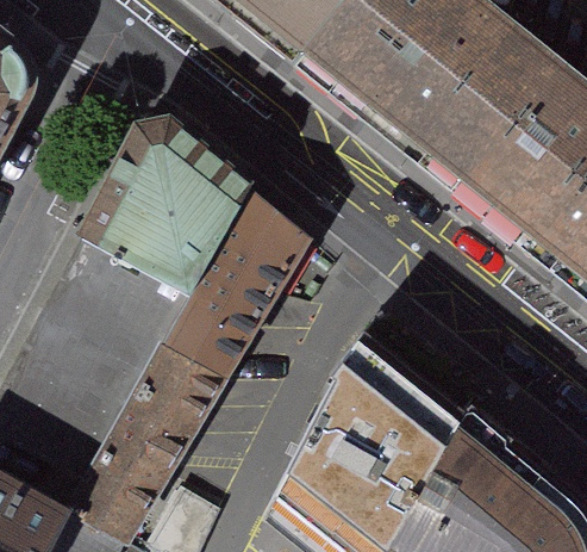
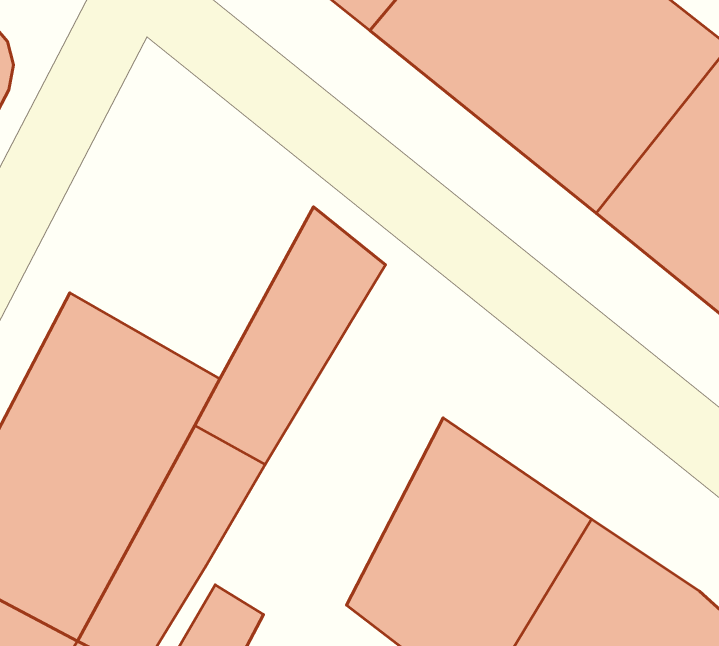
building: [73,122,258,322] -> none

